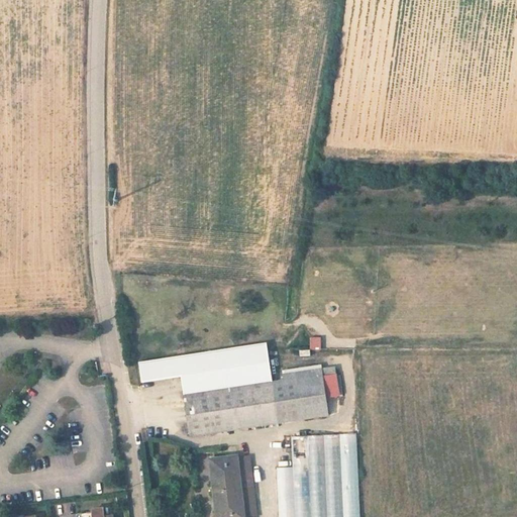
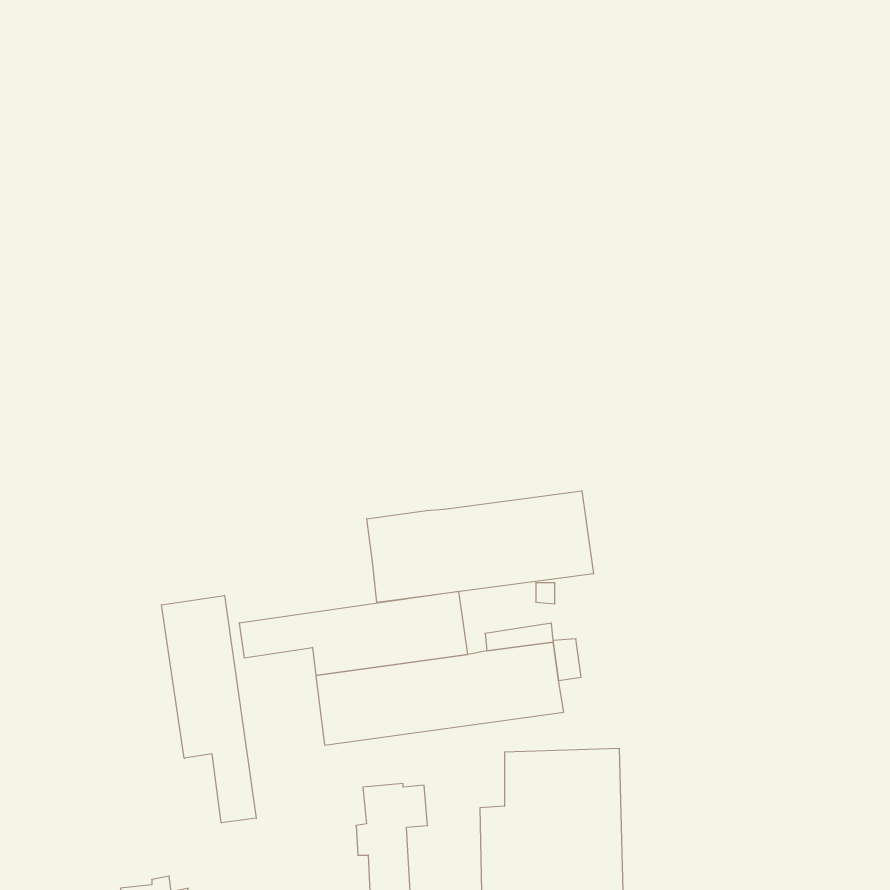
building: none -> [367,491,594,602]
building: none -> [162,595,256,823]

